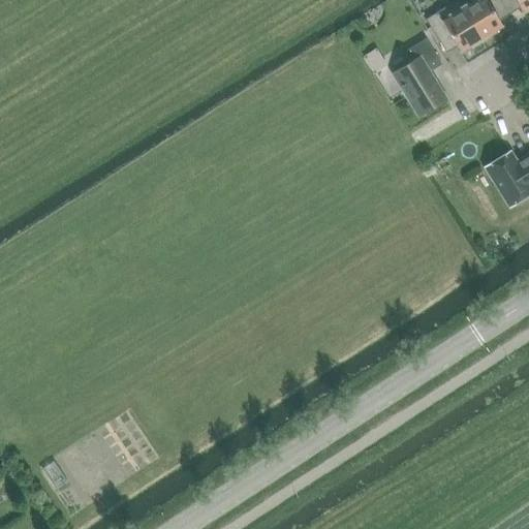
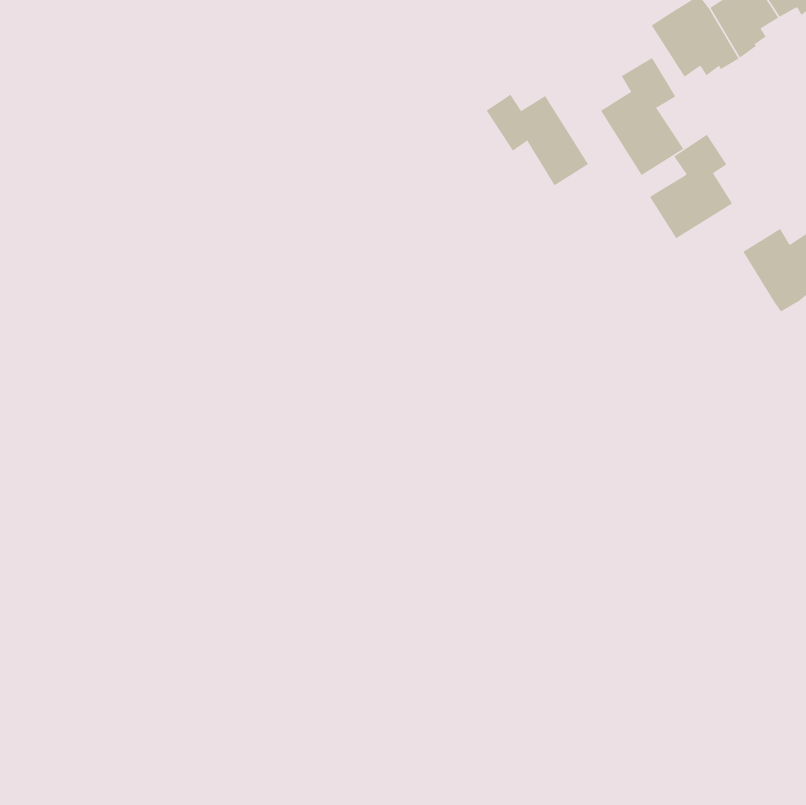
building: none -> [486,94,589,186]
building: none -> [649,134,733,239]

